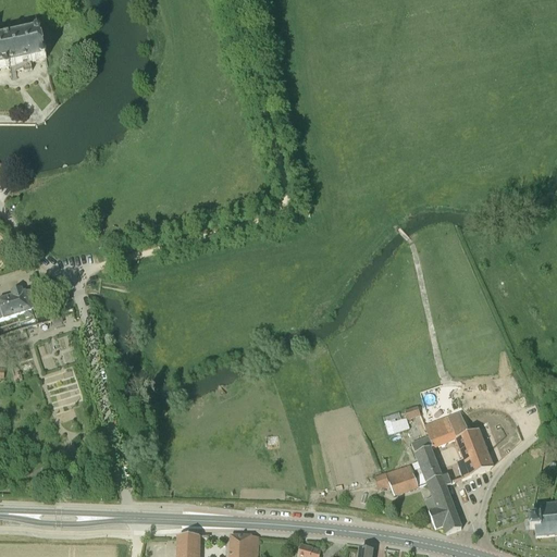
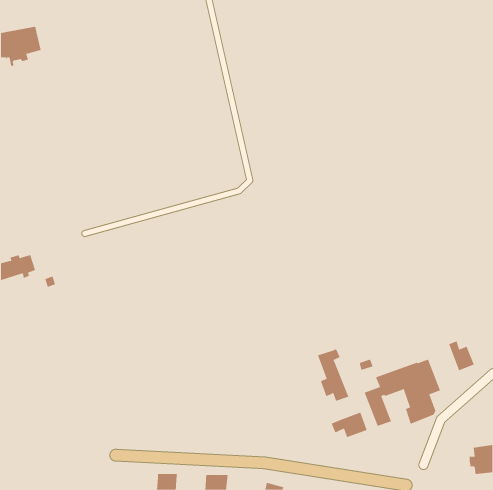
building: none -> [449,341,475,371]
building: [425,473,461,533] -> [317,348,349,402]

